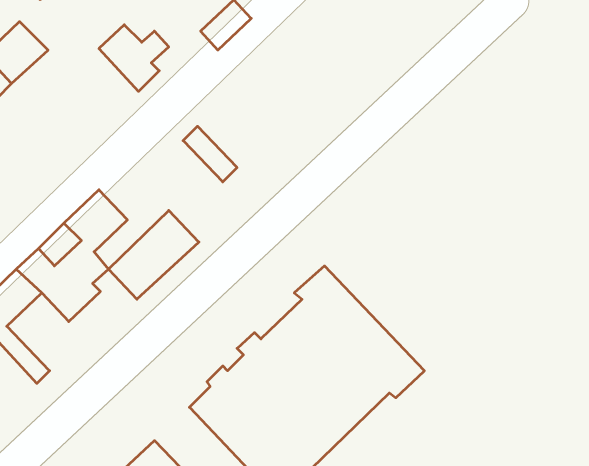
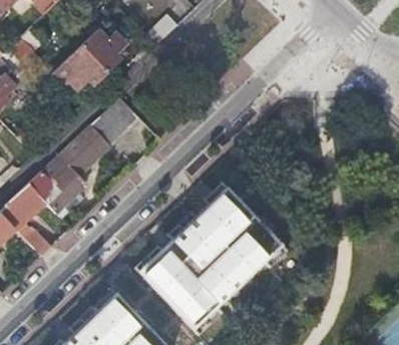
building: none -> [52,45,104,90]
building: [108,210,199,299] -> [79,97,136,153]

